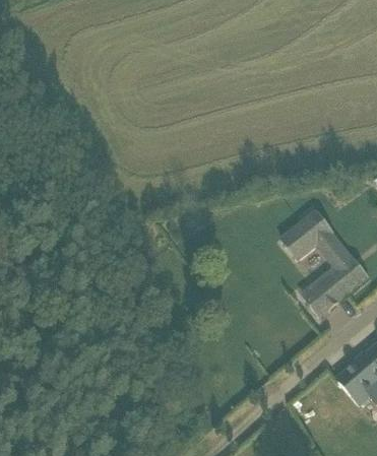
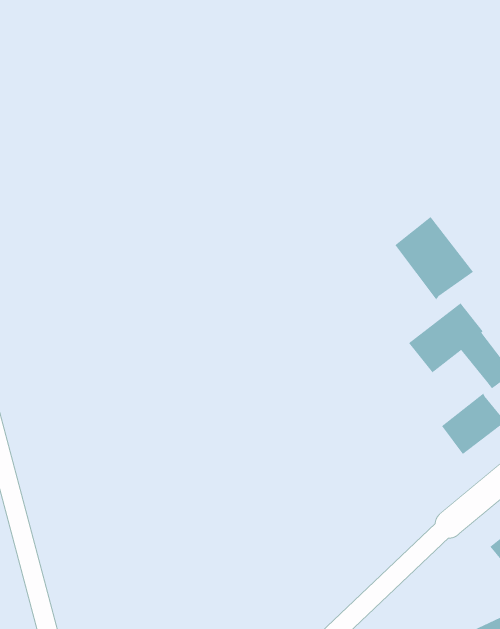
building: none -> [394,216,474,300]

